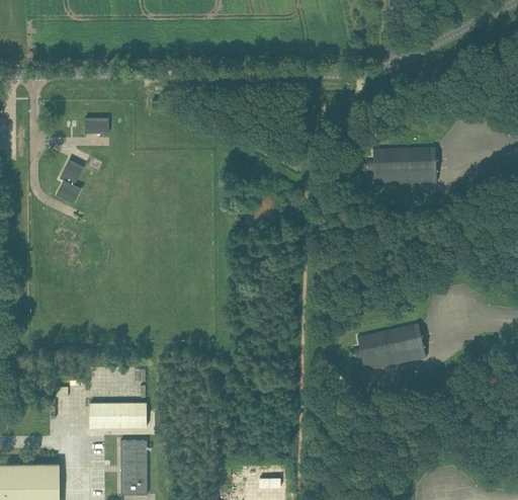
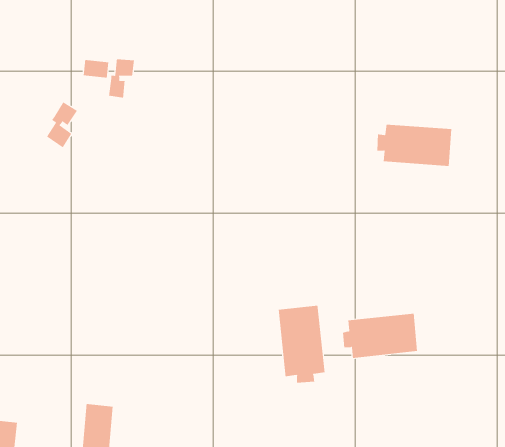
building: none -> [108,58,134,98]
building: none -> [278,305,325,383]
building: [90,403,147,428] -> none

